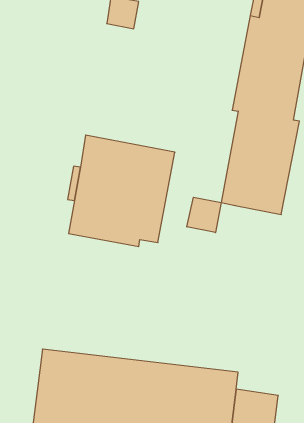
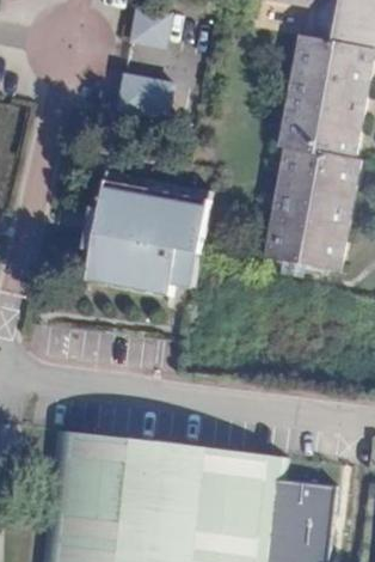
building: none -> [118,79,173,121]
building: [187,197,221,233] -> none

